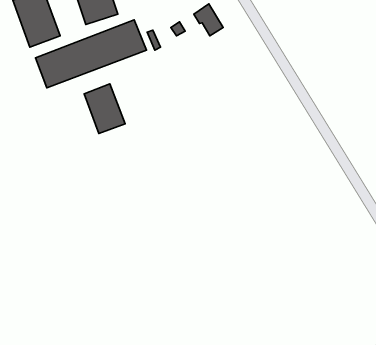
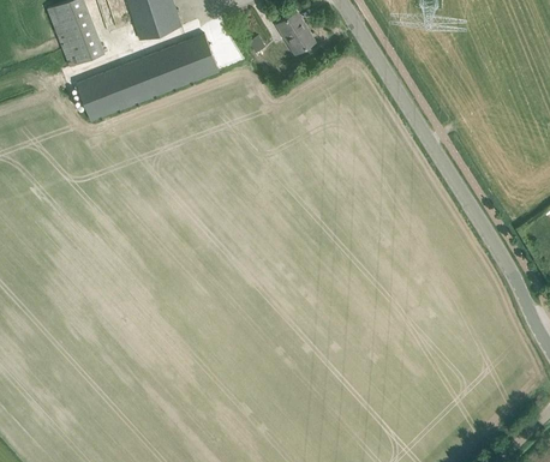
building: [84,84,125,133] -> none

